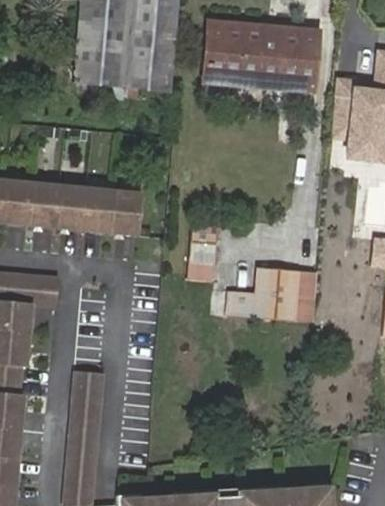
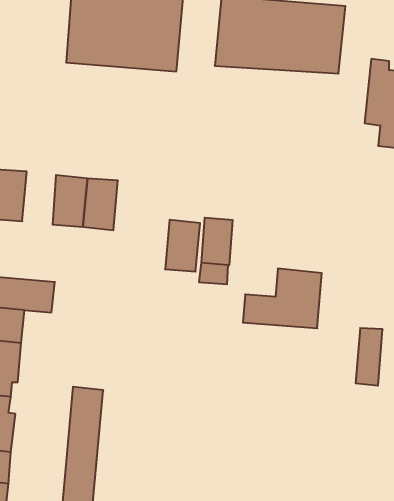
building: [30,180,60,227] -> none
building: [111,188,142,234] -> [165,220,200,272]
building: [292,270,316,321] -> [356,328,383,386]

